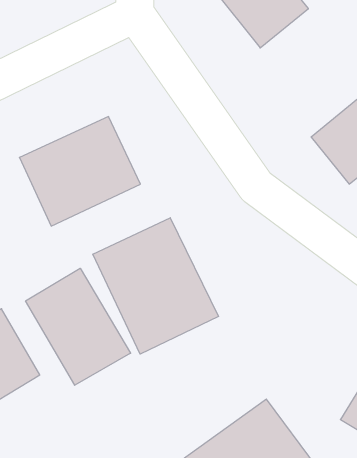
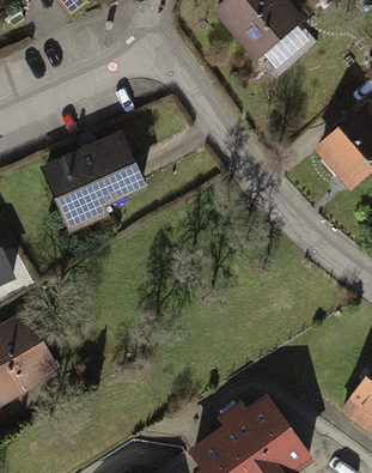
building: [93,218,218,354] -> none
building: [26,268,131,385] -> none

